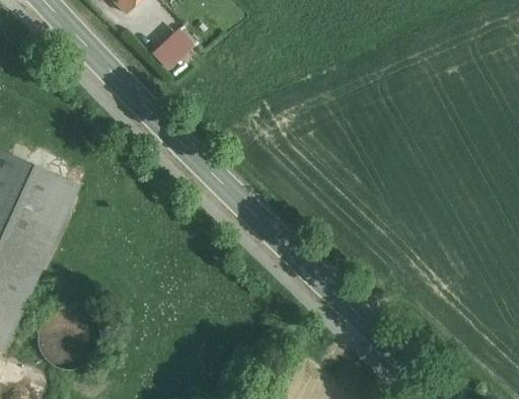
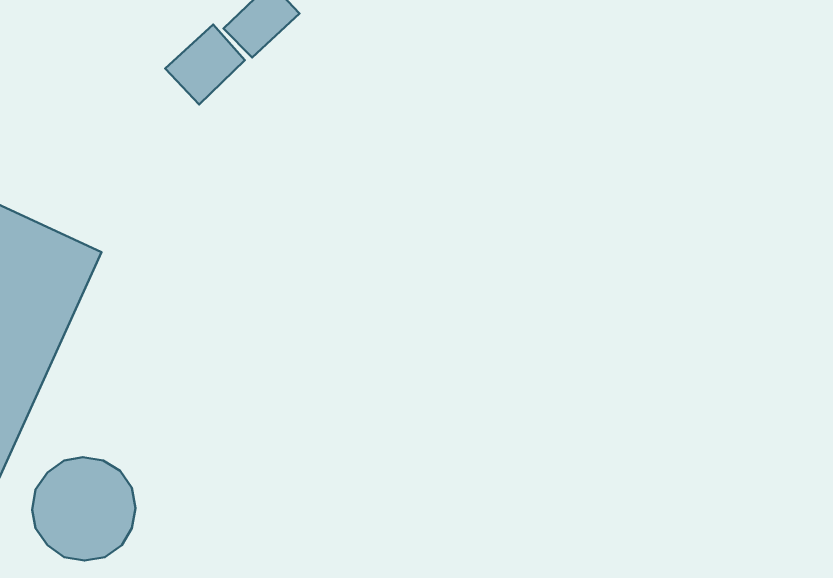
building: none -> [165,25,245,104]

